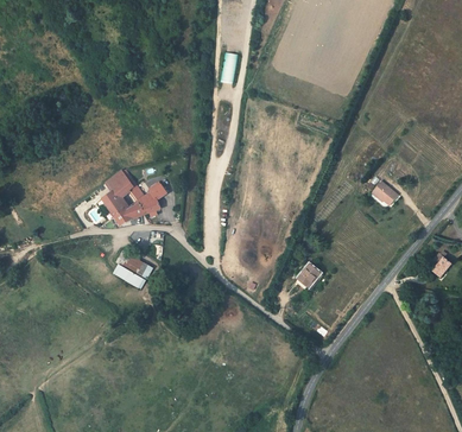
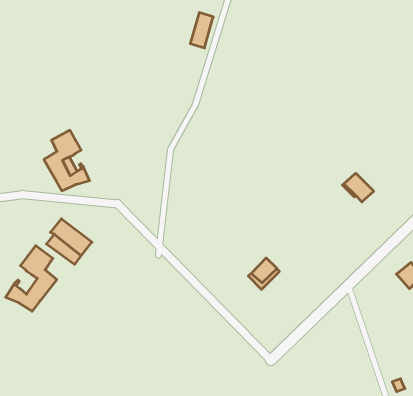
building: [128,184,165,212] -> none
building: none -> [6,246,57,311]

